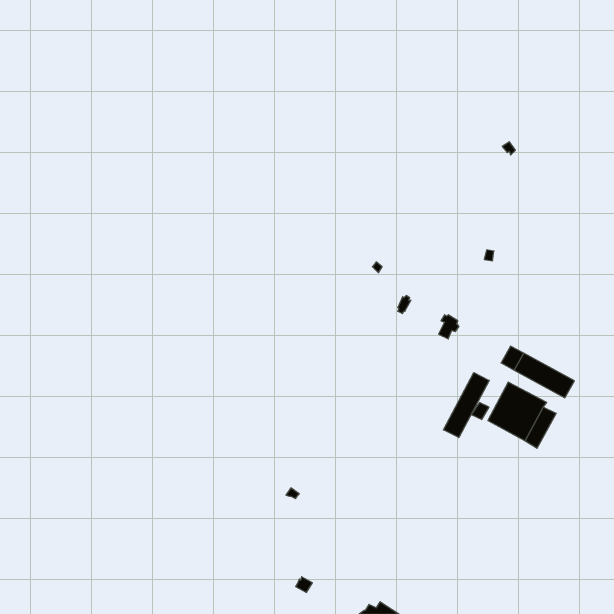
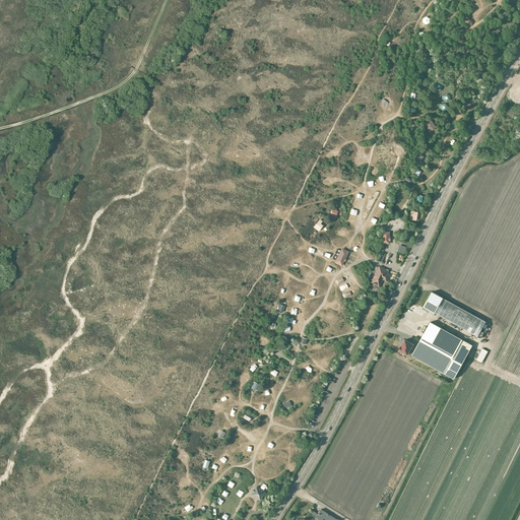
building: [443,373,489,438] -> none

